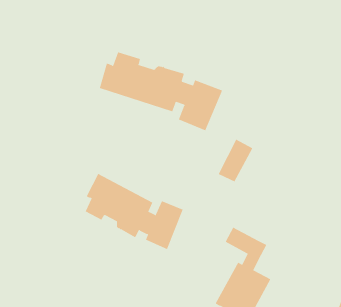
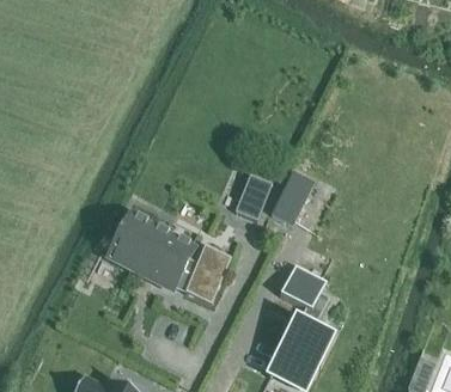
building: [99,51,223,131] -> none
building: none -> [234,176,270,220]

